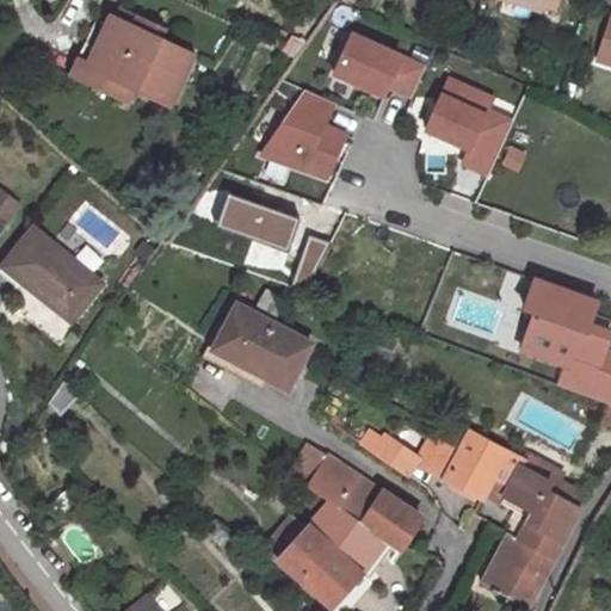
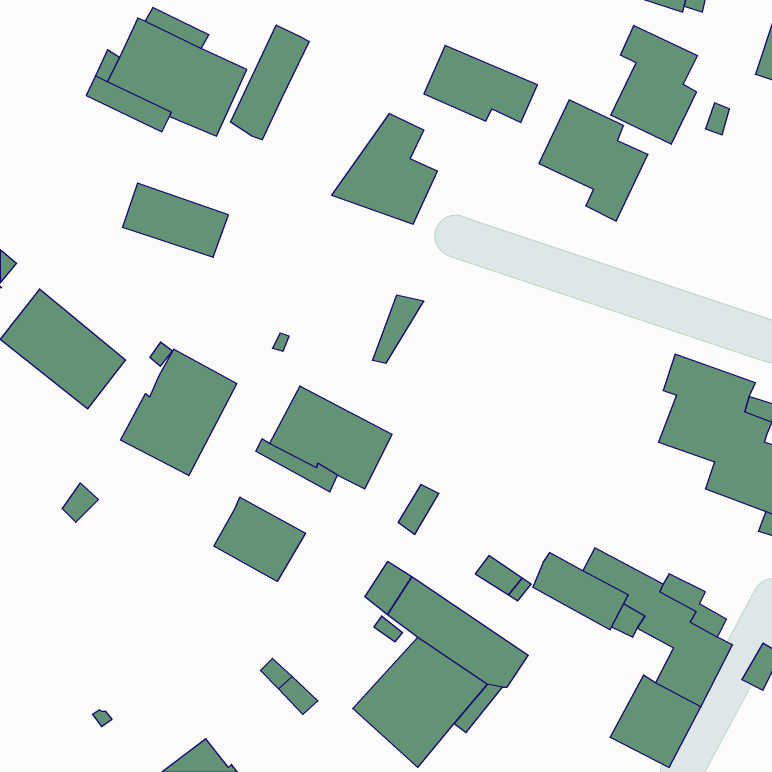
building: none -> [231,25,309,140]
building: none -> [611,25,697,144]
building: [220,191,303,249] -> [122,183,228,257]
building: none -> [121,349,237,476]
building: none -> [214,497,305,581]

